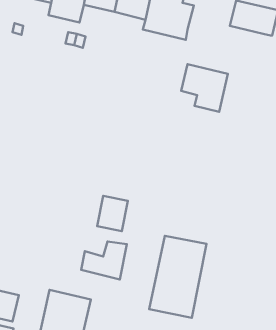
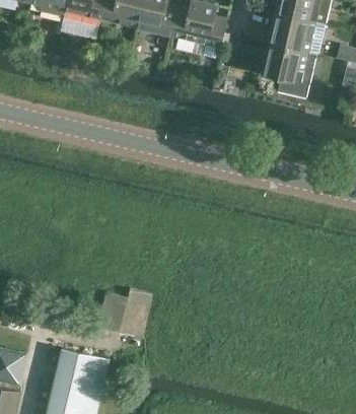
building: [181,64,228,112] -> [262,42,315,96]
building: [97,196,128,231] -> none
building: [149,236,207,318] -> none

